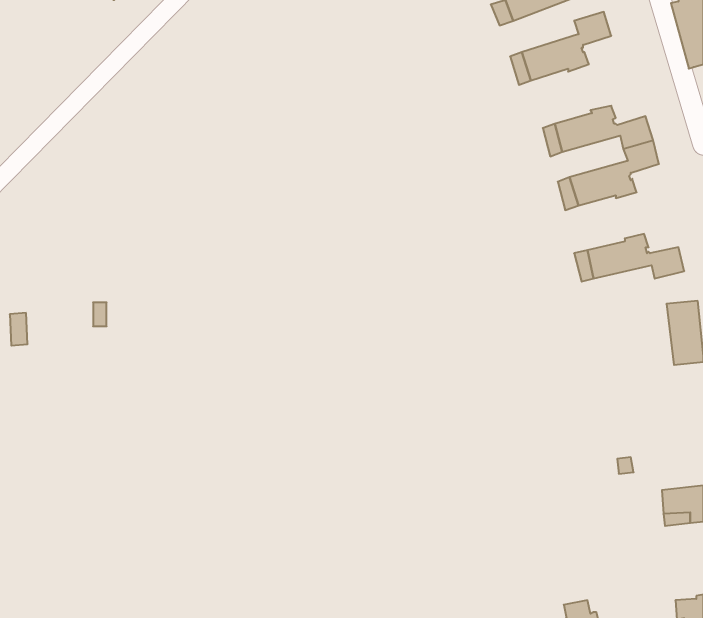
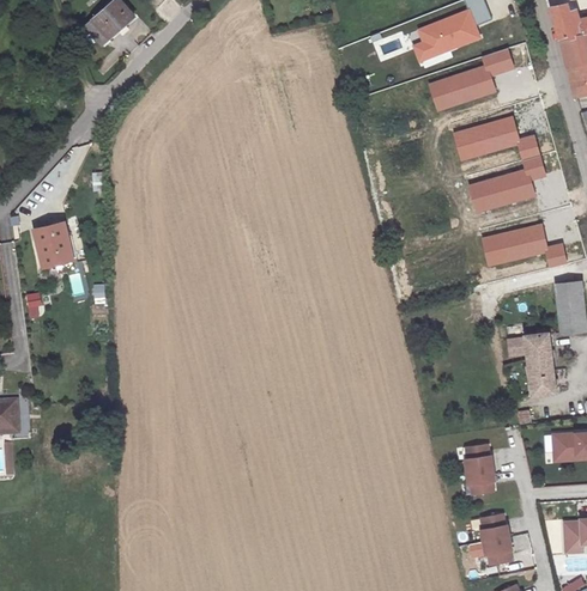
building: none -> [31,223,71,267]
building: none -> [508,333,555,395]
building: none -> [459,451,490,501]

